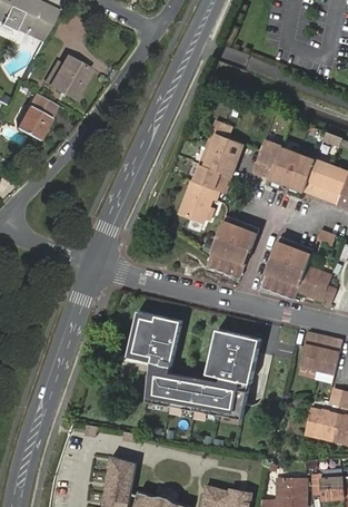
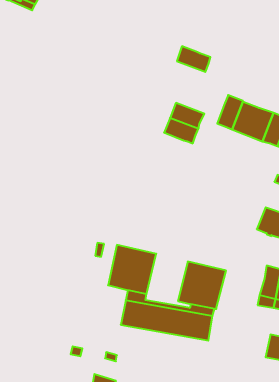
building: [51,56,92,98] -> none
building: [20,94,60,142] -> none
building: [205,131,242,160] -> [177,46,210,72]
building: [177,181,213,223] -> none
building: [205,216,258,280] -> none
building: [260,236,311,299] -> none

